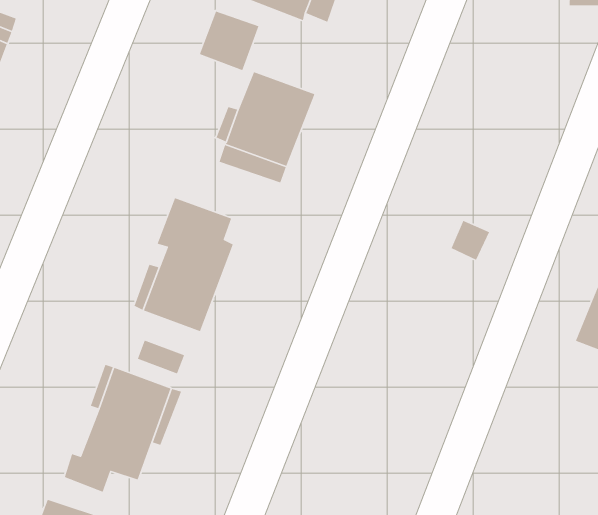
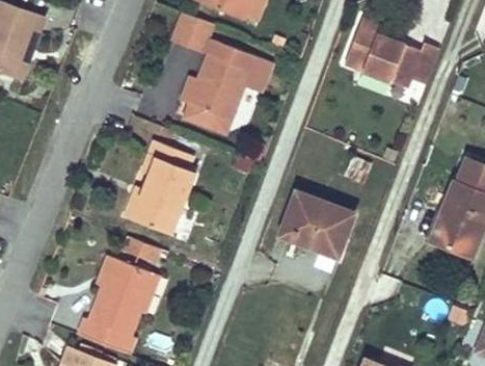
building: none -> [345,19,437,87]
building: none -> [278,192,353,257]

